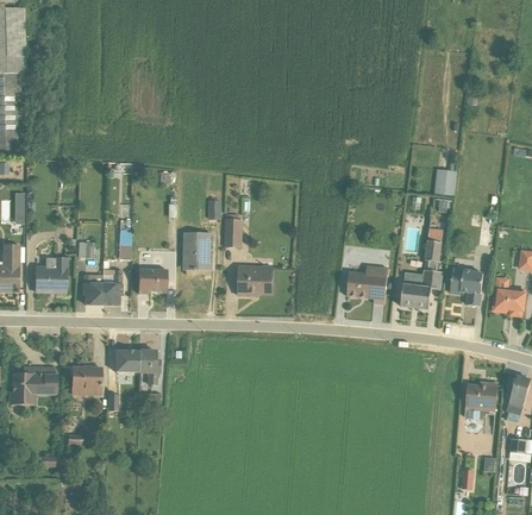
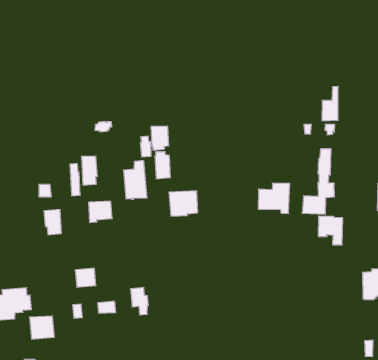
building: none -> [151,126,169,150]
building: [35,256,65,291] -> none
building: [450,266,482,304] -> [318,216,343,245]
building: [101,268,120,303] -> [81,156,98,185]
building: [138,350,158,383] -> [130,288,148,315]
building: [71,366,100,394] -> [29,316,54,339]

